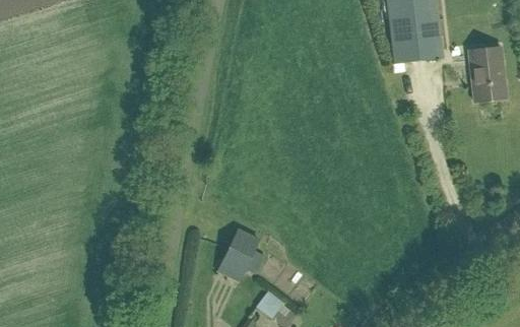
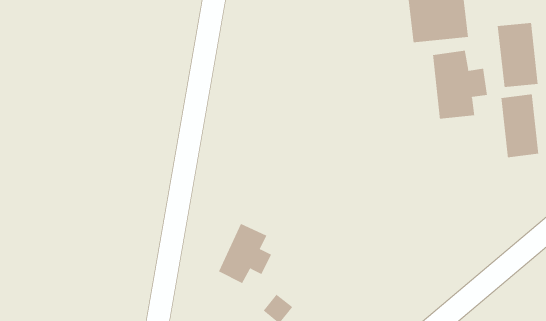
building: none -> [433,50,487,120]
building: none -> [501,94,539,158]

